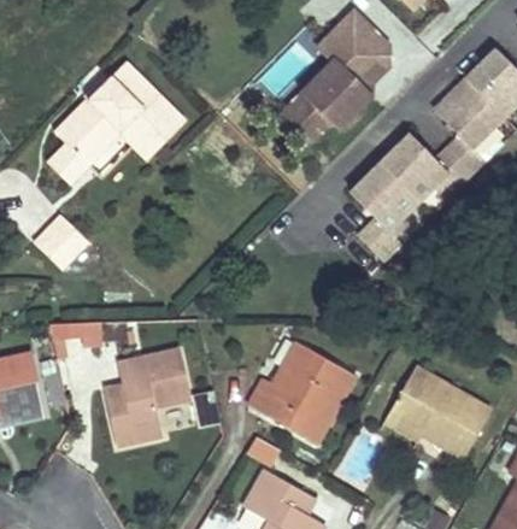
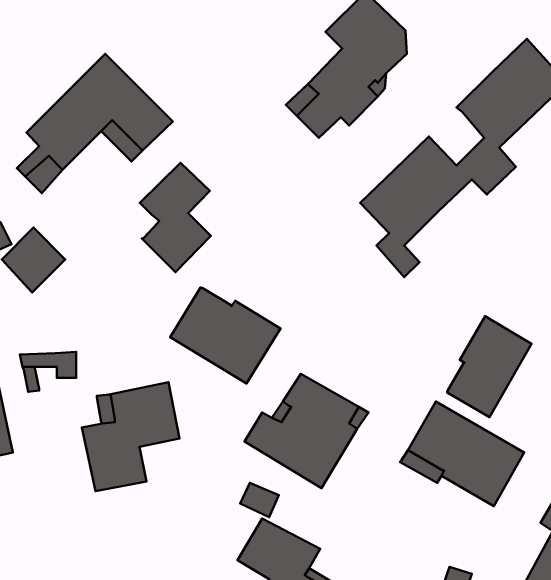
building: none -> [140,163,211,272]
building: none -> [170,287,281,383]
building: none -> [447,316,532,417]

